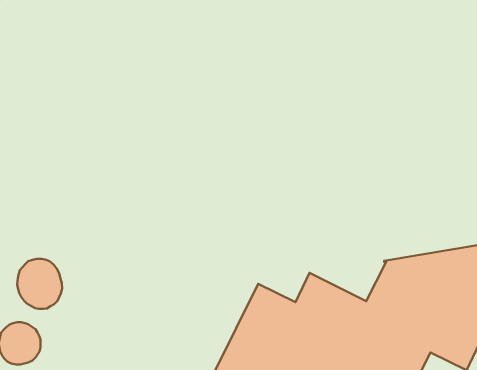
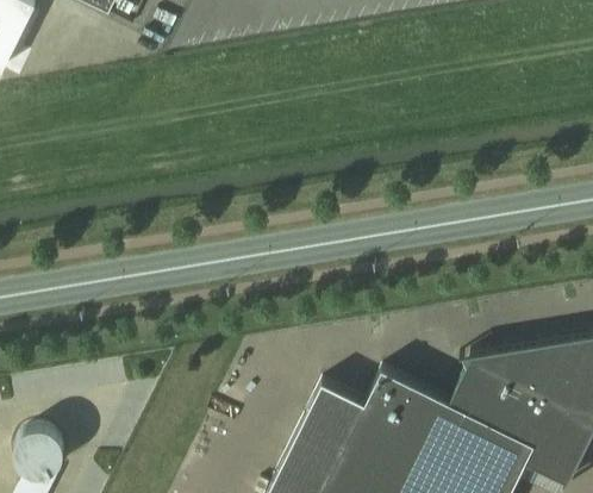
building: [17,259,62,309] -> none

